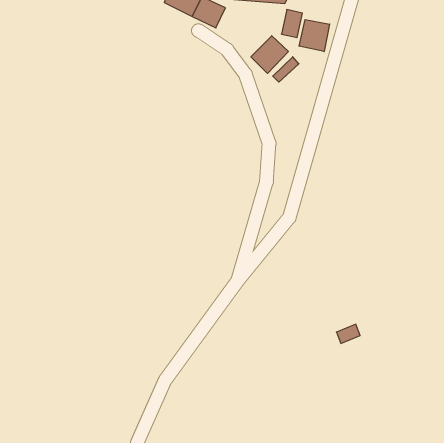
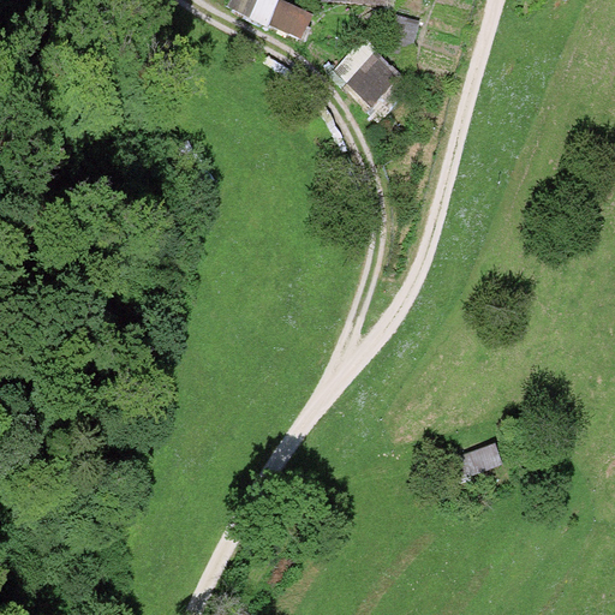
building: [299,20,330,52] -> none

